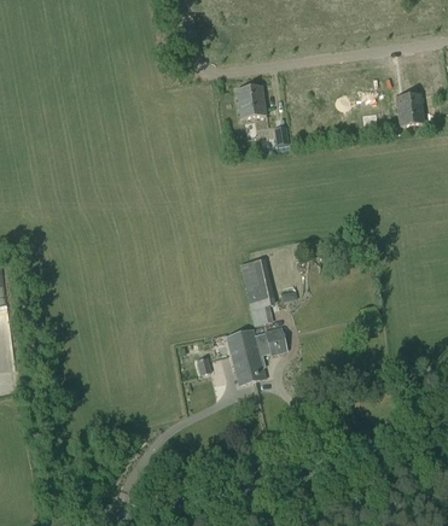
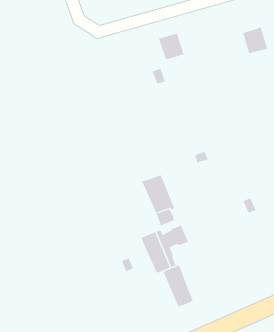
building: [235,84,266,117] -> [158,33,185,60]
building: none -> [163,264,193,307]

